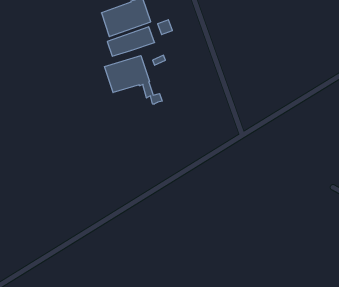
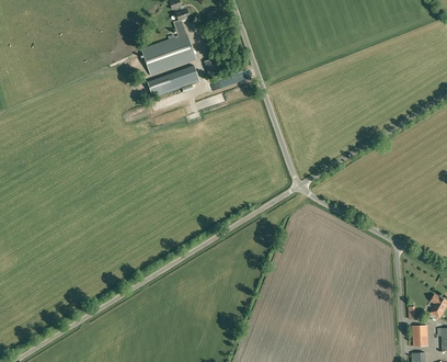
building: [104,56,162,104] -> none

